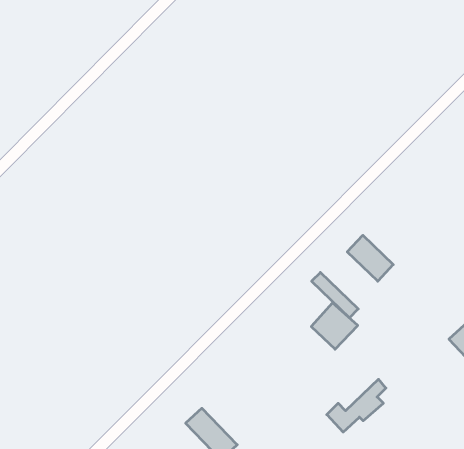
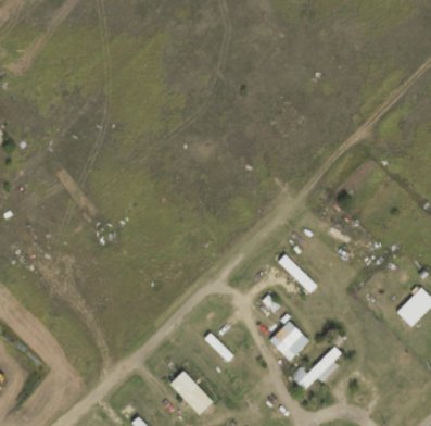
building: [347,235,393,281] -> none
building: [311,303,358,349] -> [268,321,308,361]

